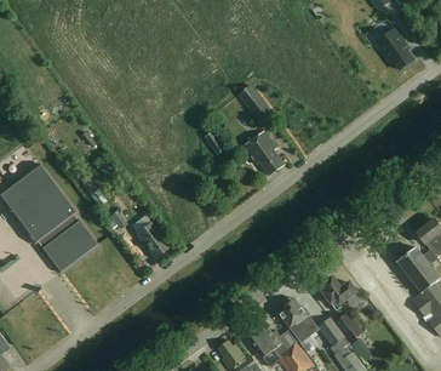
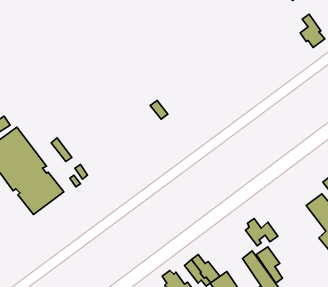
building: [237,84,270,119] -> none
building: [242,130,285,175] -> none
building: [136,222,168,257] -> none
building: [277,297,313,344] -> none

